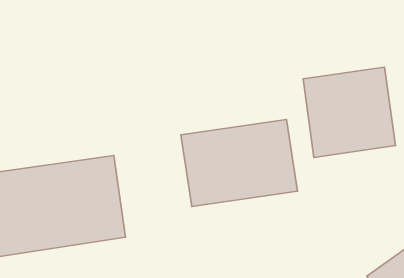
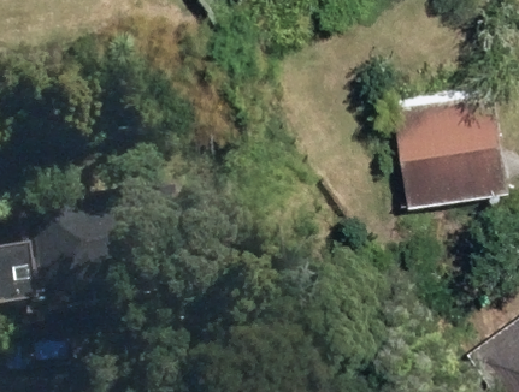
building: [181,119,297,206] -> none

